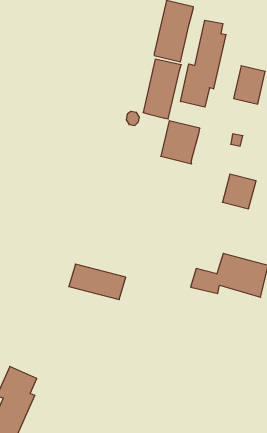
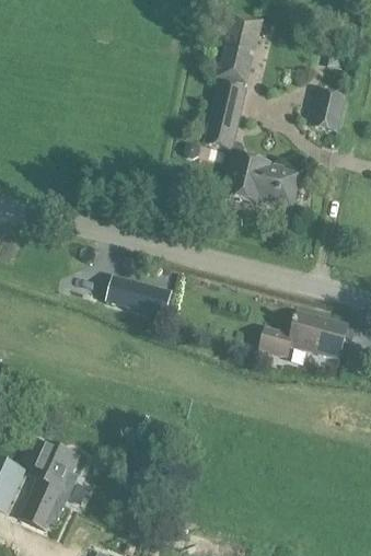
building: [181,20,226,107] -> none
building: [222,174,256,209] -> [262,165,301,206]
building: [69,264,126,300] -> [106,275,173,316]

